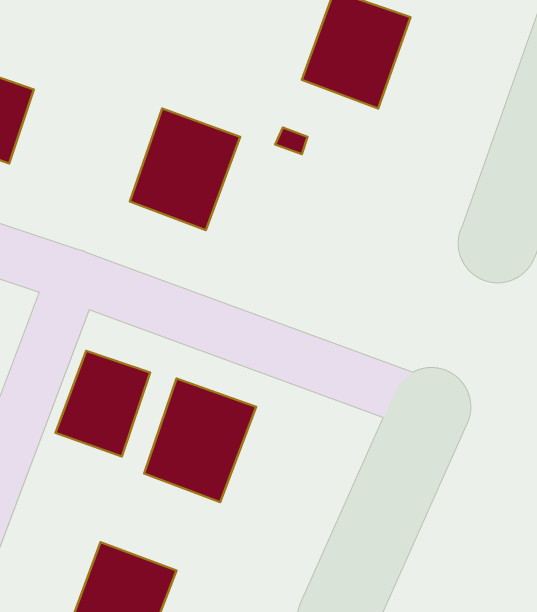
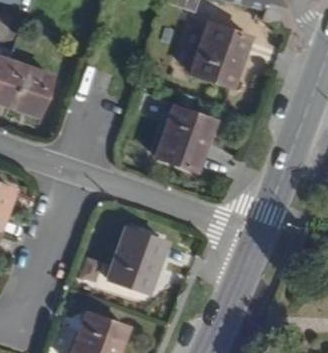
building: [130,108,240,230] -> [156,105,214,169]
building: [56,351,150,456] -> none

